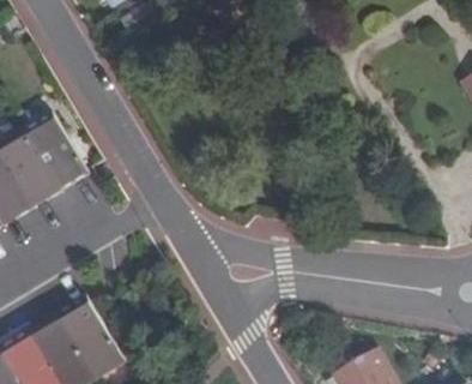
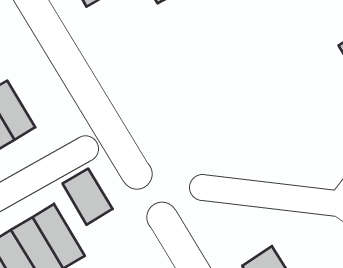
building: [23,109,90,190] -> none
building: none -> [63,169,113,225]

